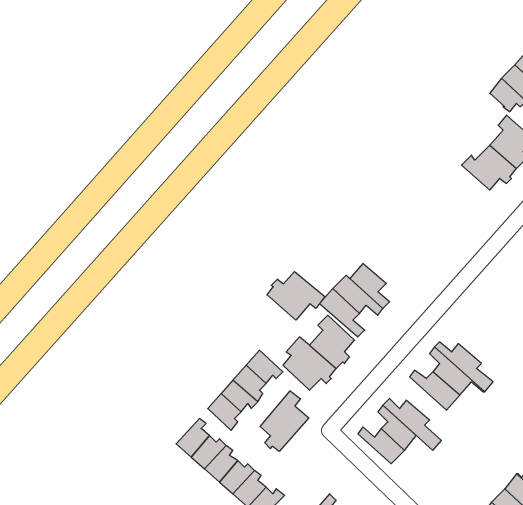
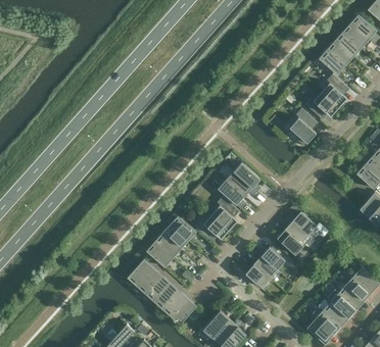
building: none -> [289,108,318,146]
building: [267,272,325,320] -> none
building: [260,391,309,451] -> none

